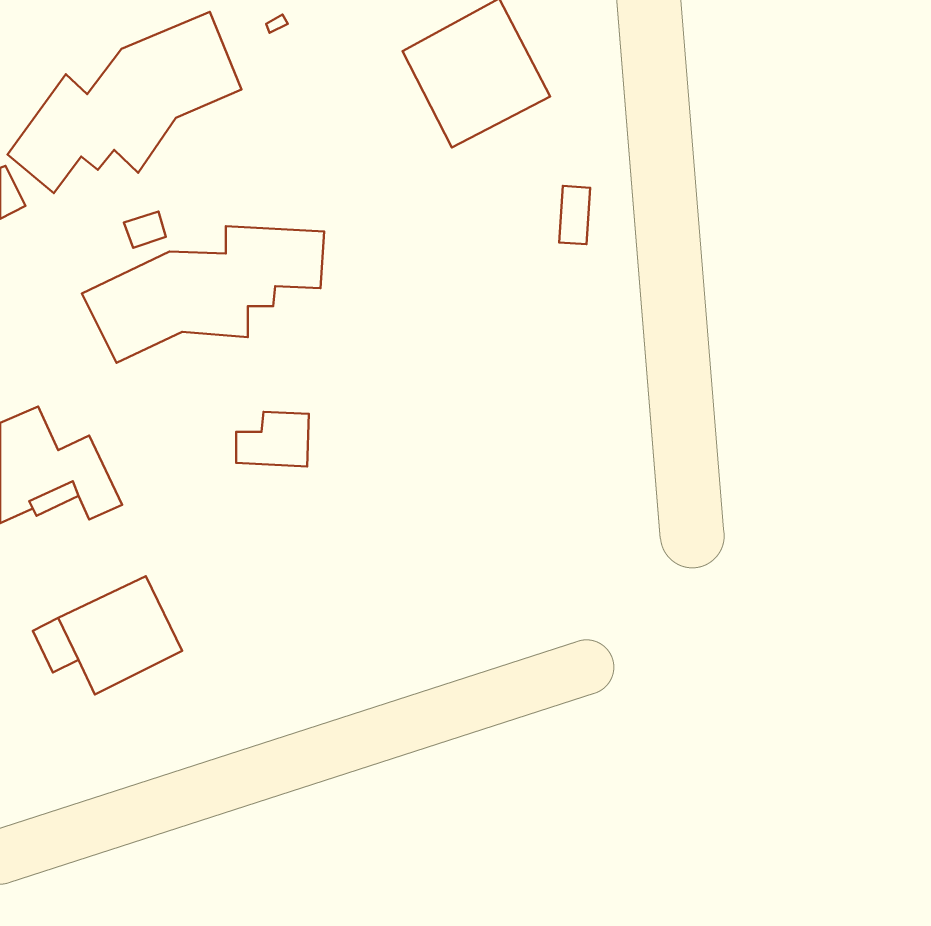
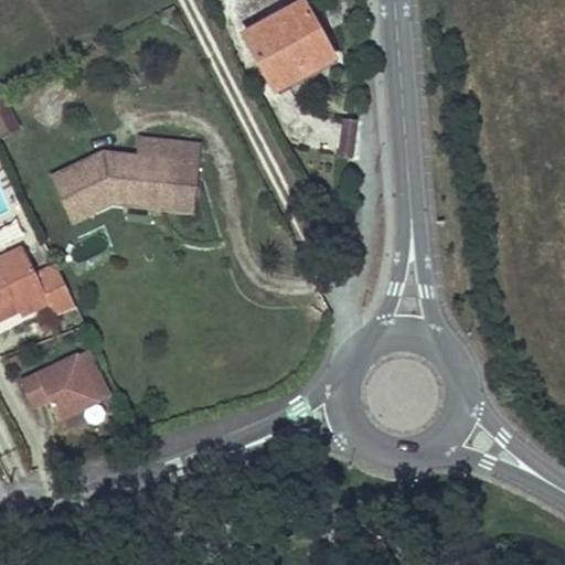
building: [8,12,241,193] -> none
building: [236,412,309,467] -> [150,173,194,206]

